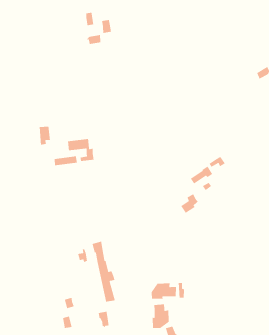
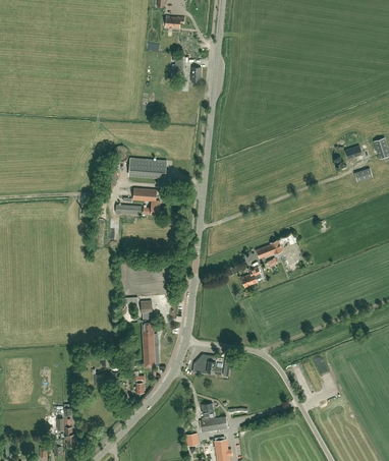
building: none -> [127,157,166,178]
building: [152,304,170,329] -> none

